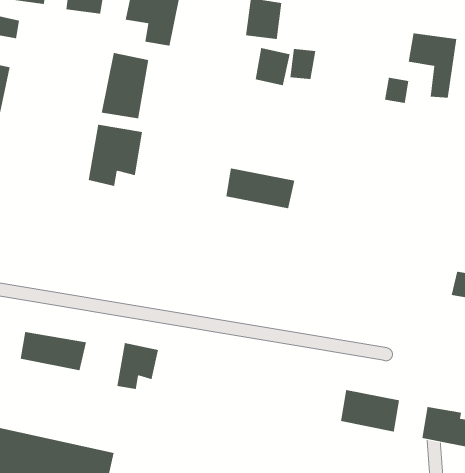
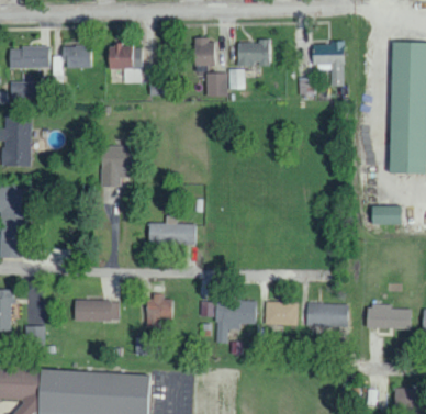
building: none -> [237,41,270,65]
building: [101,52,149,119] -> none
building: [225,168,295,209] -> [148,223,195,245]
building: none -> [216,300,256,344]
building: none -> [267,302,299,325]

